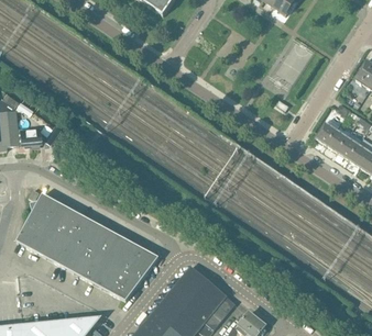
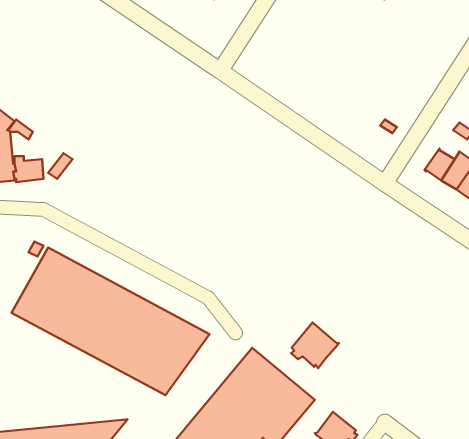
building: none -> [291,322,339,368]

